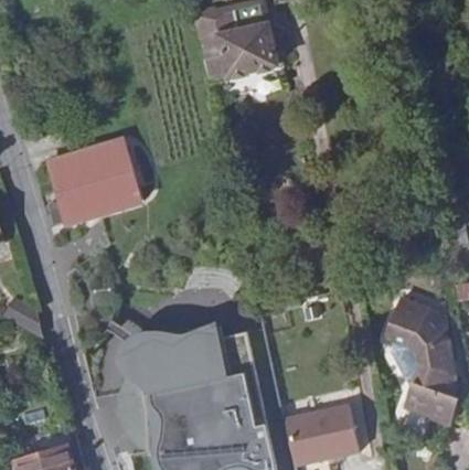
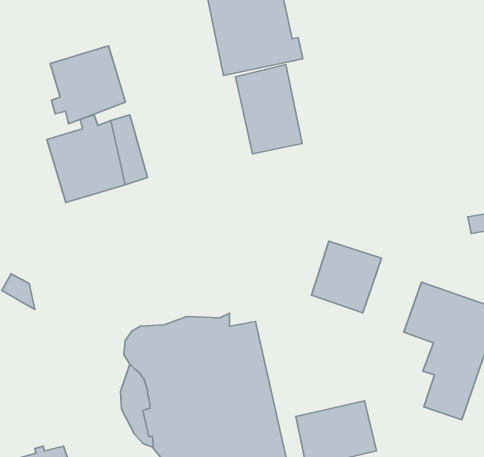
building: none -> [50,46,125,124]
building: none -> [236,65,302,154]
building: none -> [311,241,382,313]

